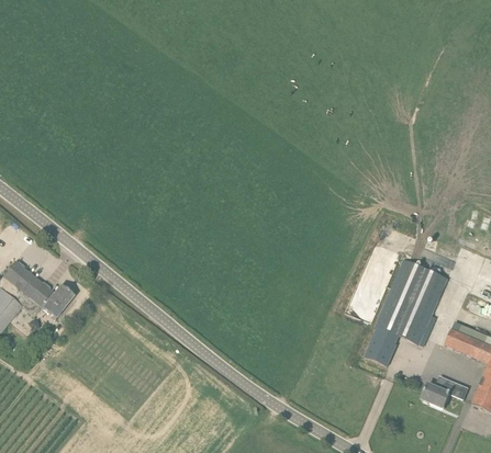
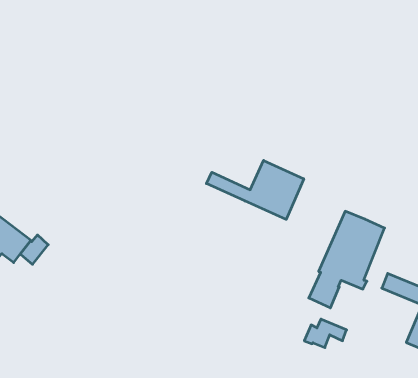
building: none -> [206,160,304,219]
building: [421,374,468,406] -> [304,319,347,348]

